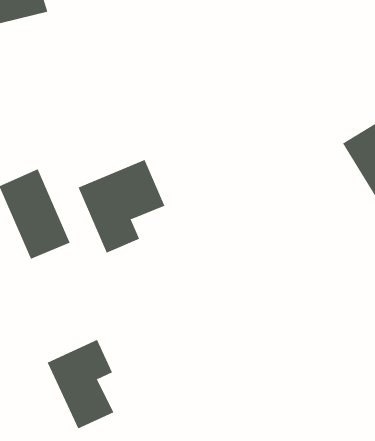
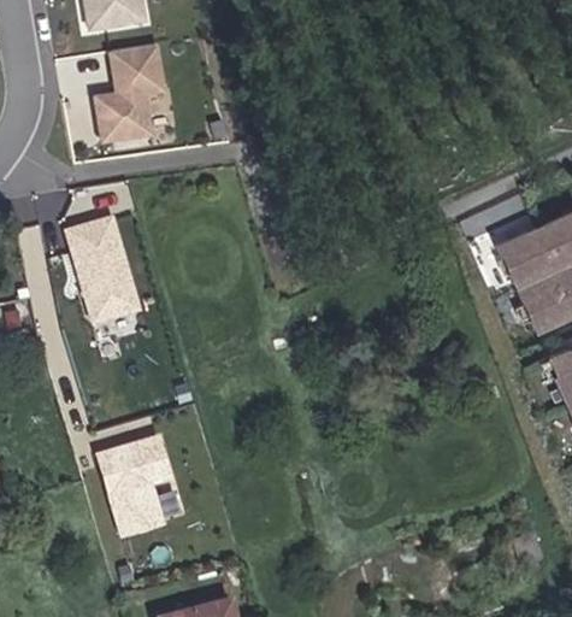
building: none -> [90,42,167,143]
building: [78,159,165,254] -> none

